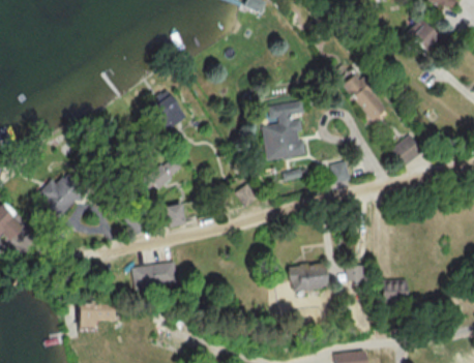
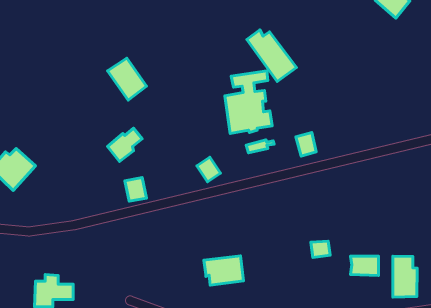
building: [343,73,390,123] -> [247,30,296,82]
building: [391,134,424,167] -> none
building: [287,262,325,290] -> [204,256,244,285]
building: [132,263,179,294] -> none
building: none -> [393,256,417,297]

